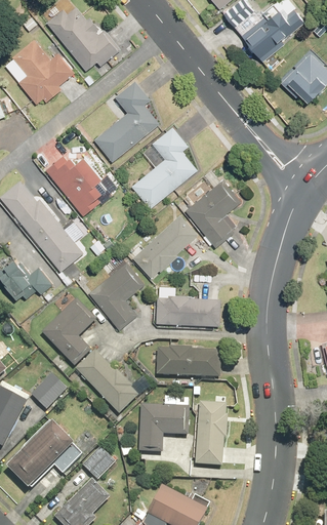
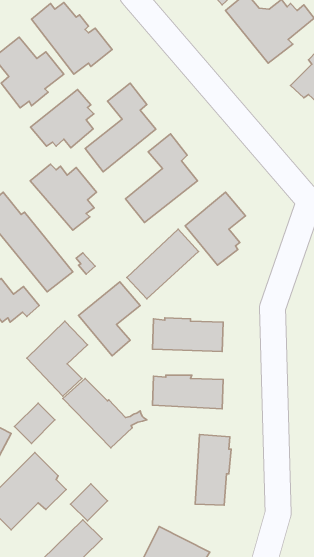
building: none -> [31,89,94,148]
building: [138,404,189,452] -> none

